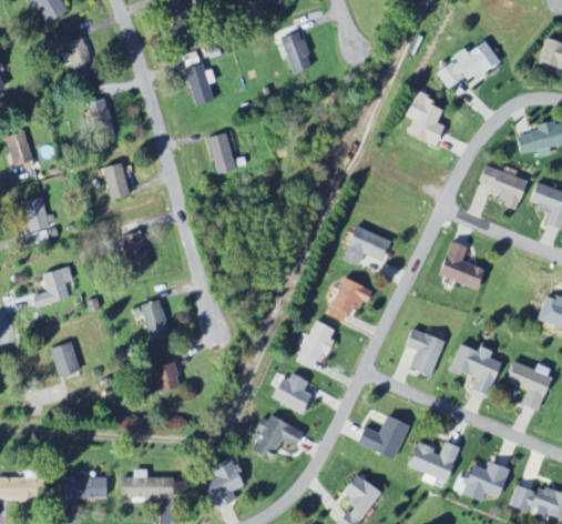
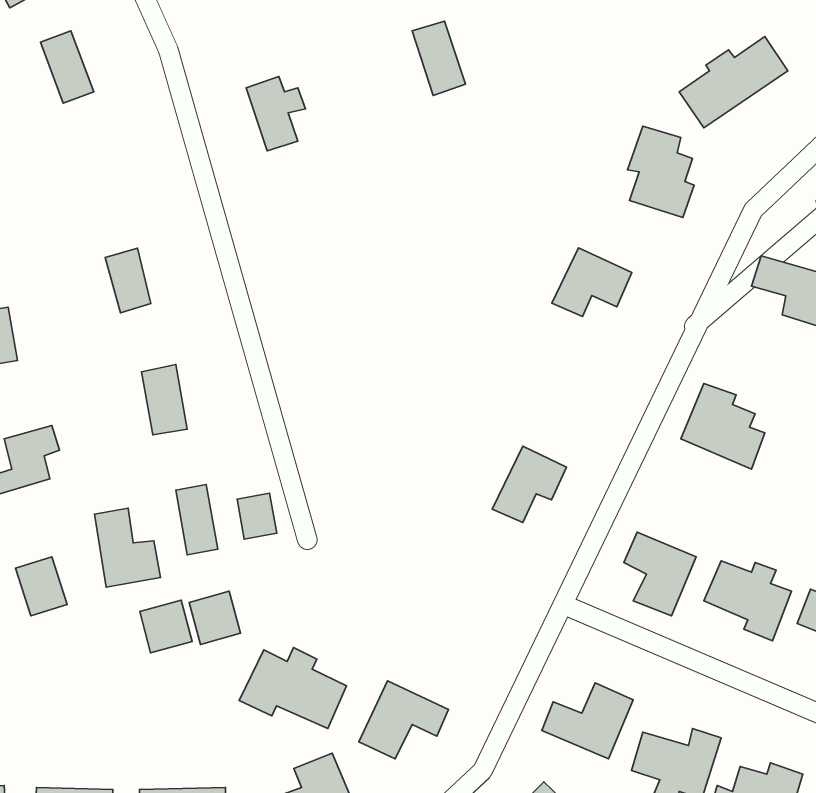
building: [88,97,117,141] -> none
building: [211,133,234,172] -> none
building: [341,225,388,265] -> [552,248,632,316]
building: none -> [237,493,277,539]
building: none -> [95,508,161,587]
building: [299,321,334,369] -> none
building: none -> [140,600,192,653]
building: [272,373,311,413] -> none
building: none -> [239,647,346,728]

